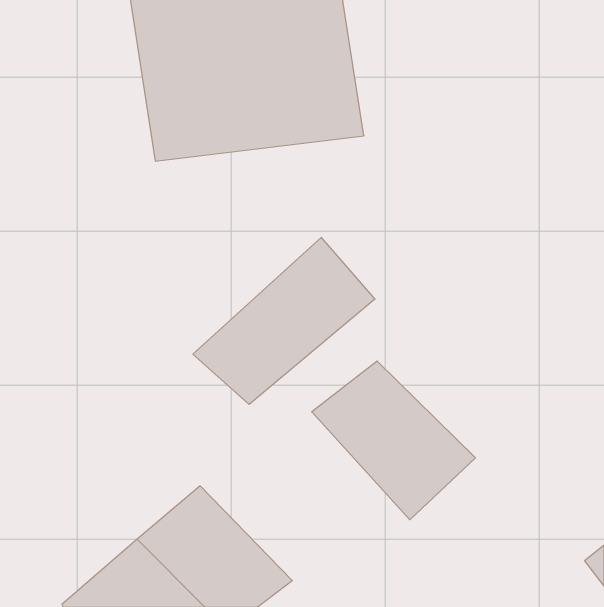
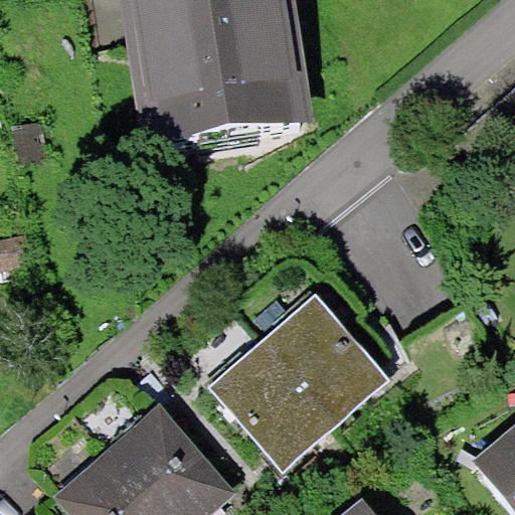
building: [193,237,375,404] -> none
building: none -> [208,342,340,479]

